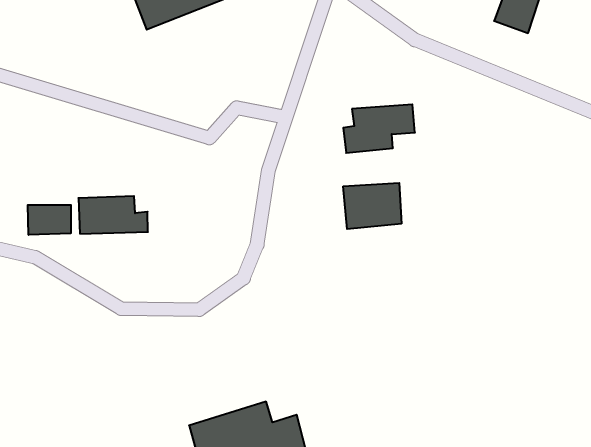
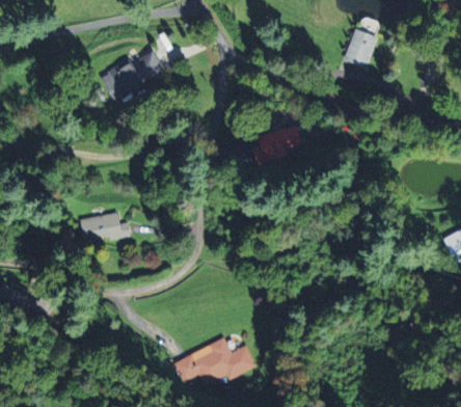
building: [343,183,401,229] -> none
building: [28,205,71,235] -> none

